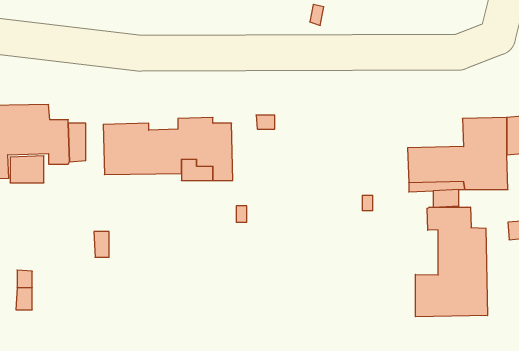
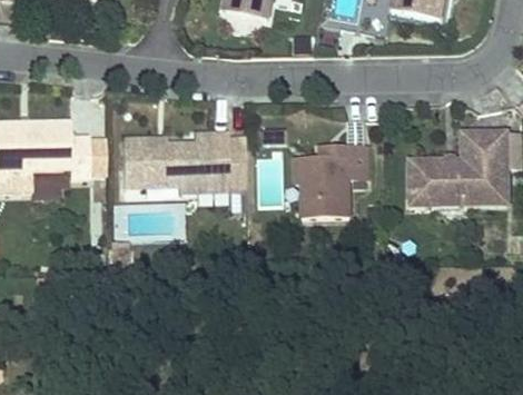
building: none -> [300,145,366,216]
building: [415,207,487,317] -> none

